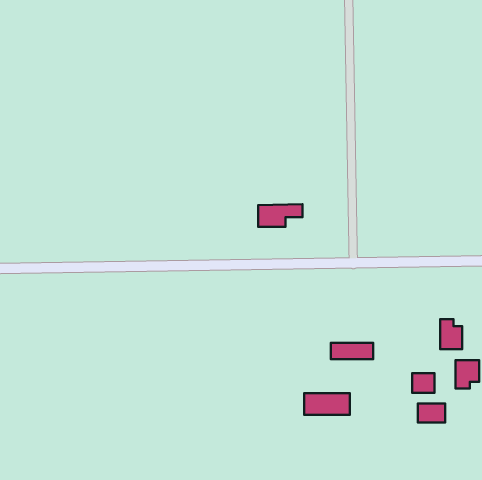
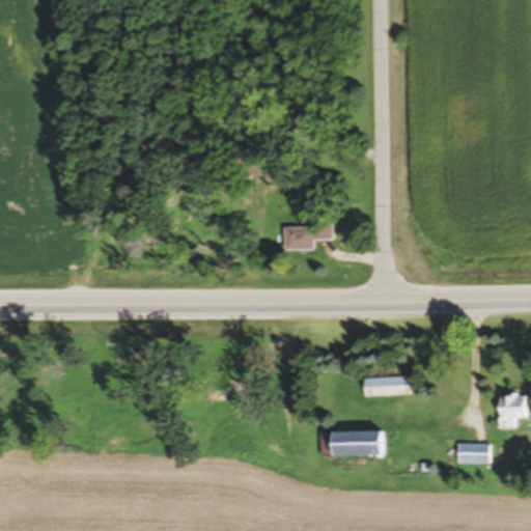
building: [440,319,462,349] -> none
building: [412,373,435,393] -> none

